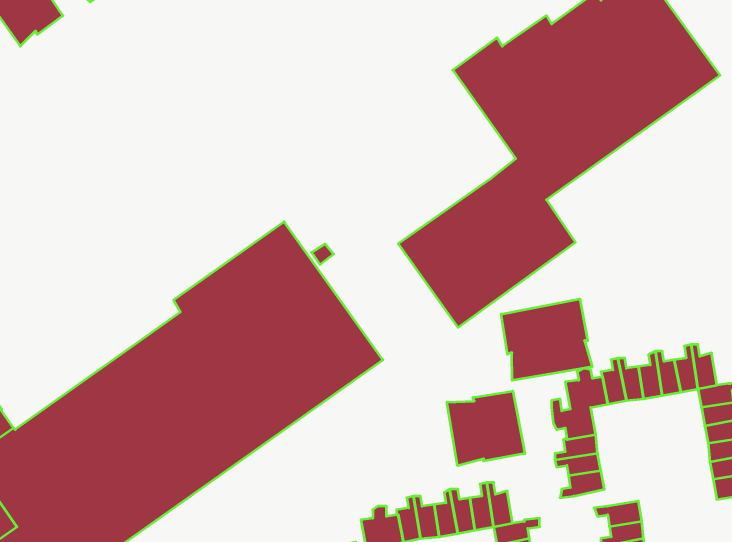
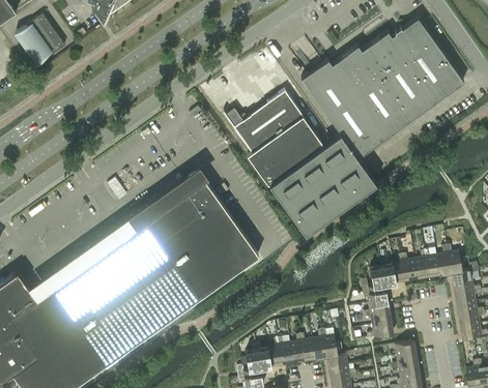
building: none -> [228,92,323,186]
building: [501,299,592,380] -> none
building: [447,391,525,466] -> none

